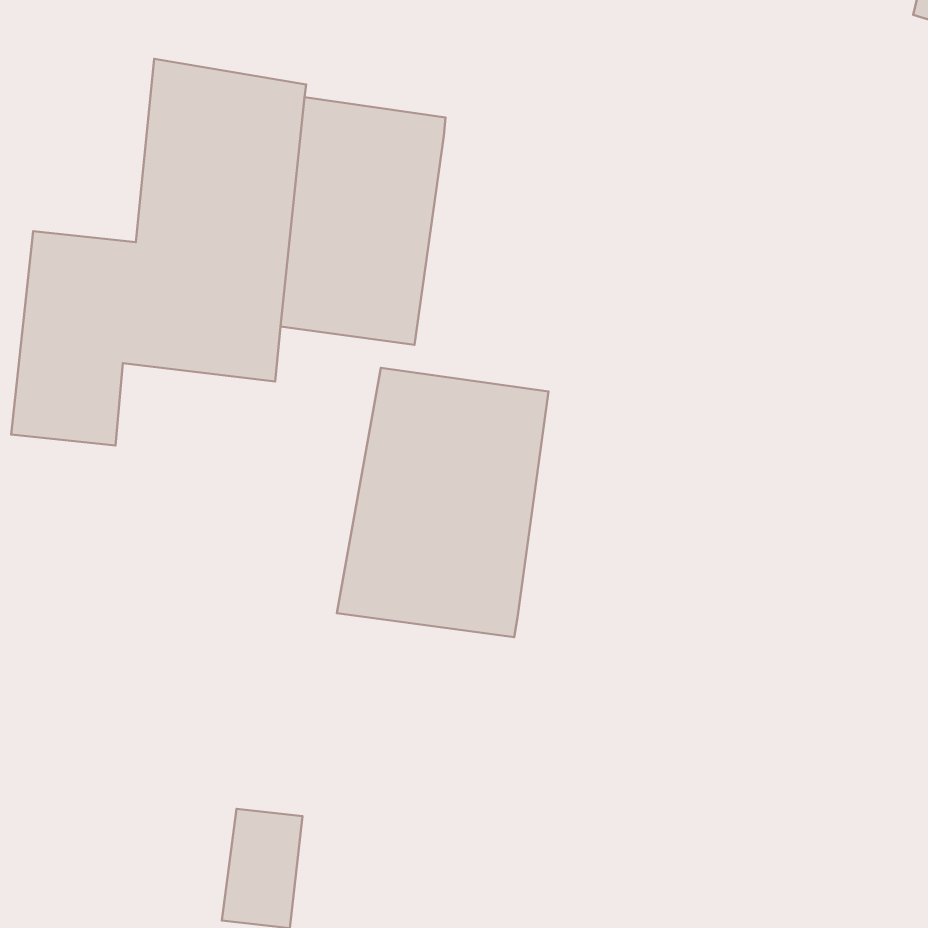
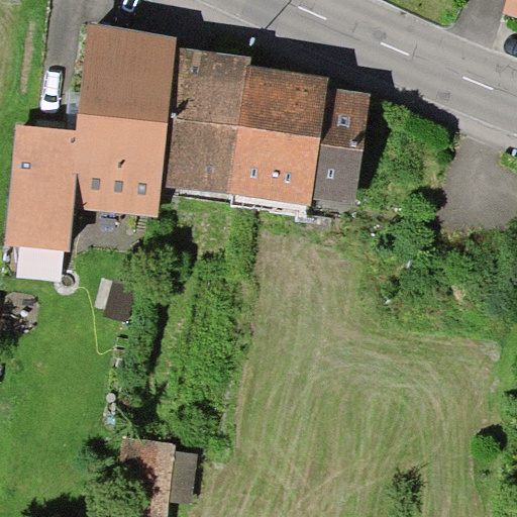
building: none -> [233,75,366,195]
building: [337,368,549,637] -> none

